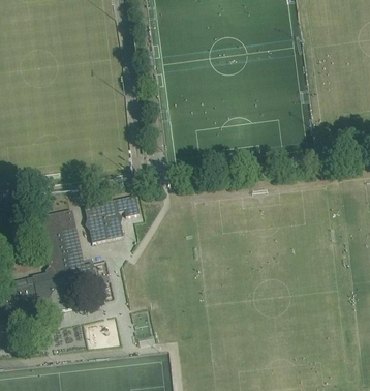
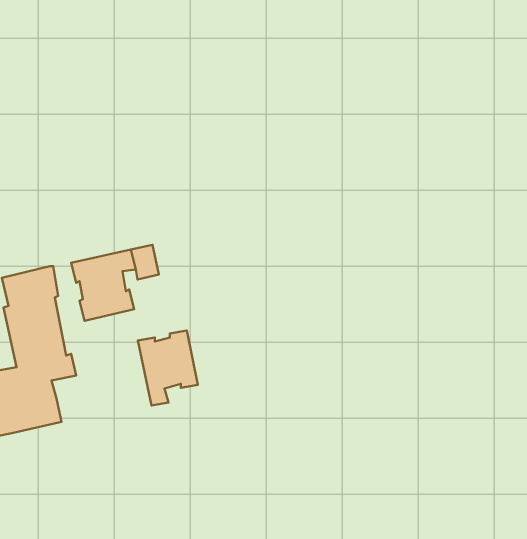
building: none -> [138,331,198,406]

